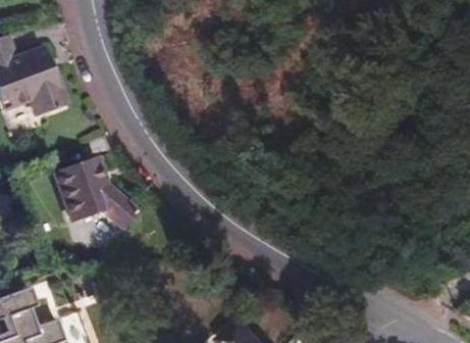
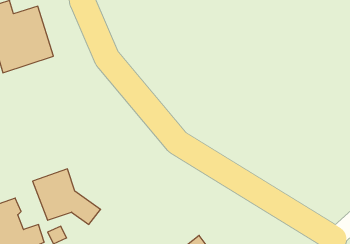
building: [49,160,133,229] -> [33,169,101,224]

